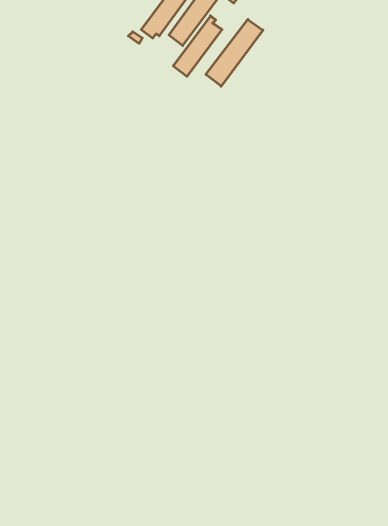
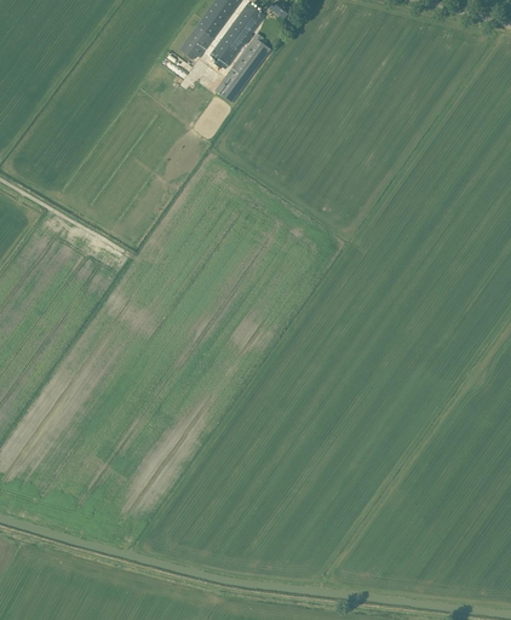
building: [206,19,263,86] -> none

